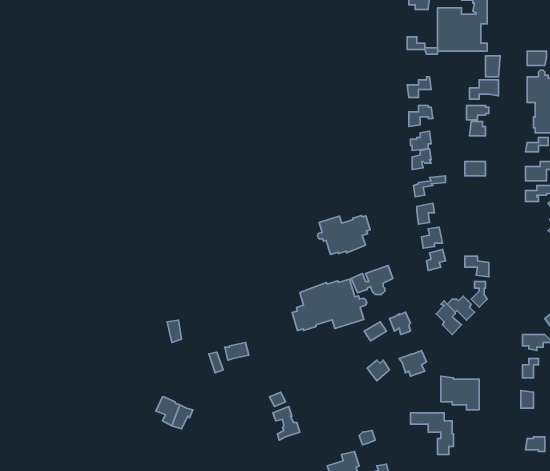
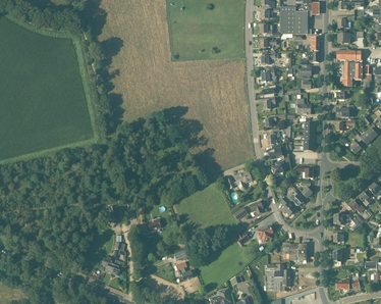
building: [318,215,370,255] -> none
building: [292,279,367,331] -> none

